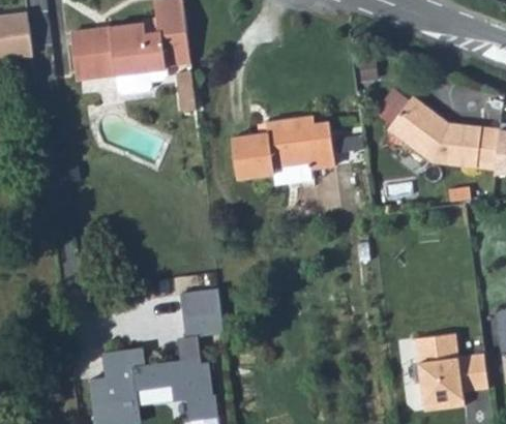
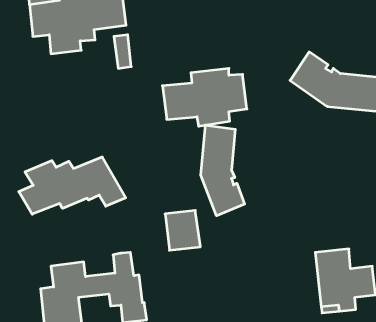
building: none -> [201,125,245,216]
building: none -> [19,157,126,214]
building: [179,290,221,337] -> [165,210,200,250]

